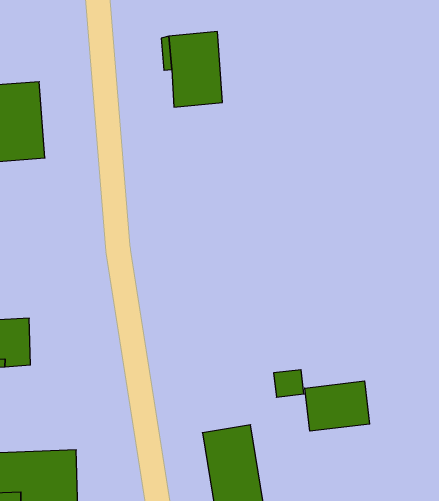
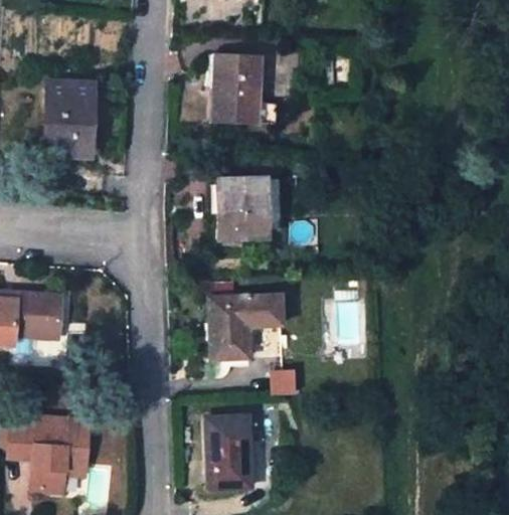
building: none -> [217,178,269,239]
building: none -> [209,295,283,357]
building: [305,381,370,431] -> none

